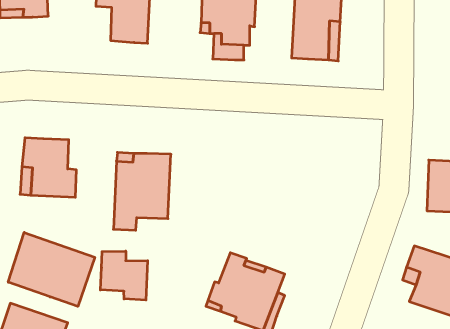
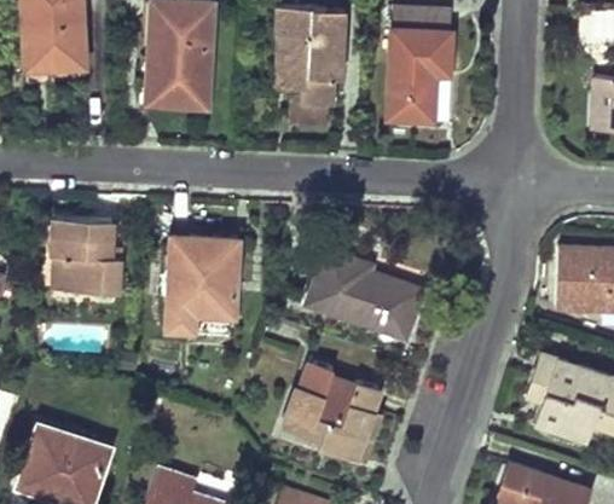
building: none -> [307,251,421,338]
building: [8,232,95,306] -> none
building: [100,251,148,300] -> none

